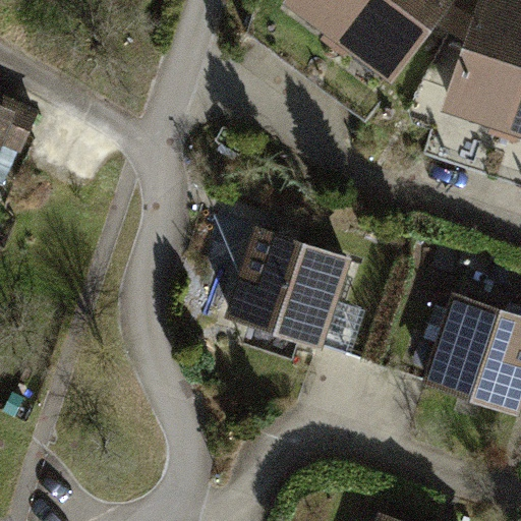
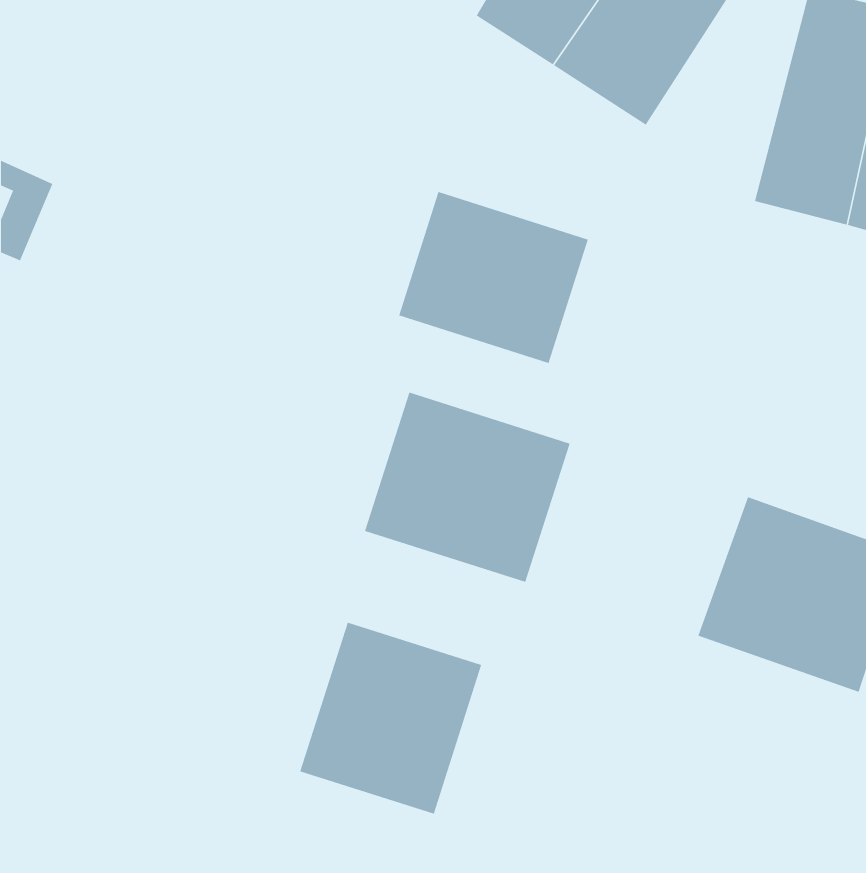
building: none -> [399,191,588,364]
building: none -> [299,622,482,815]

